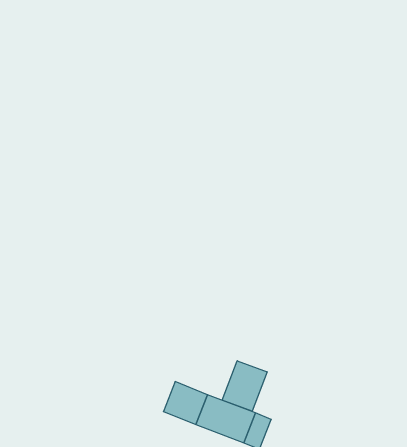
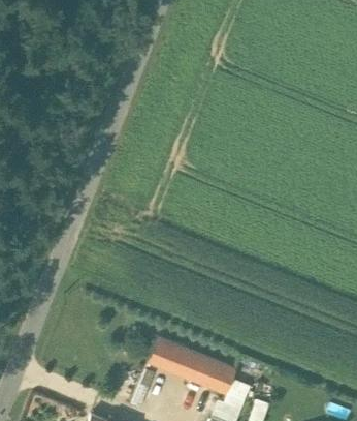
building: [222,361,267,411] -> none

